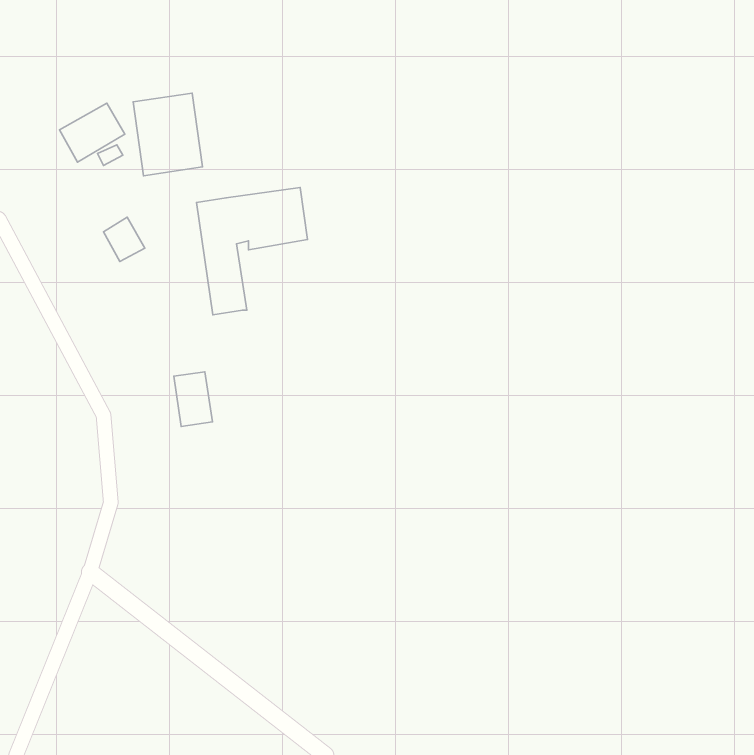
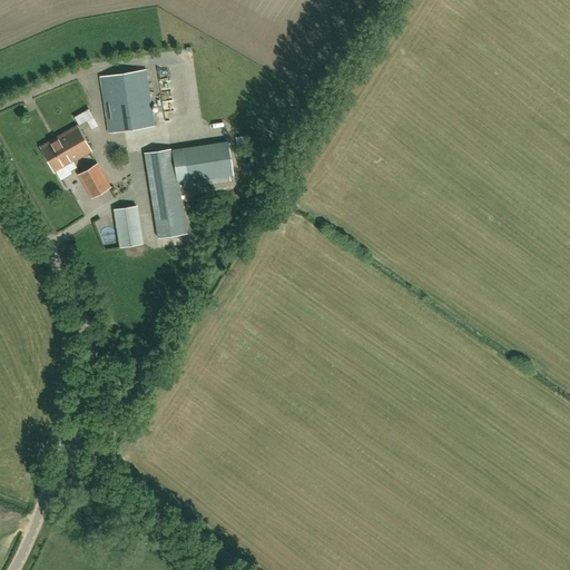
building: [60,103,125,162] -> [40,127,89,171]
building: [174,372,212,426] -> [112,206,141,247]

